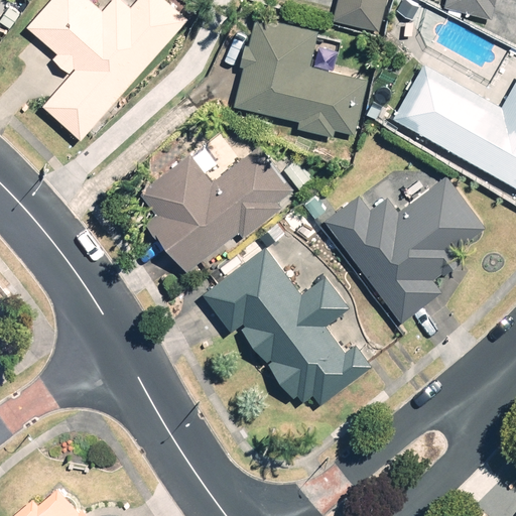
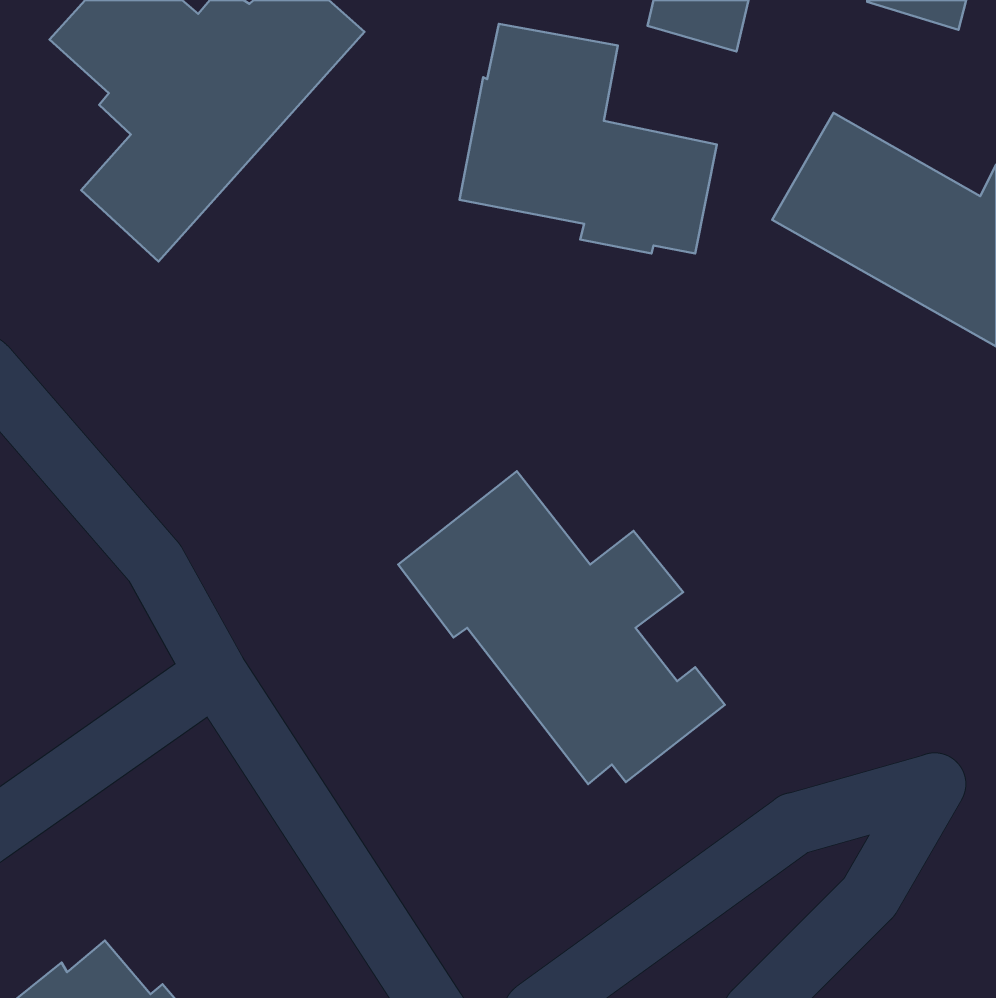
building: [147,147,292,273] -> none
building: [322,174,485,324] -> none

